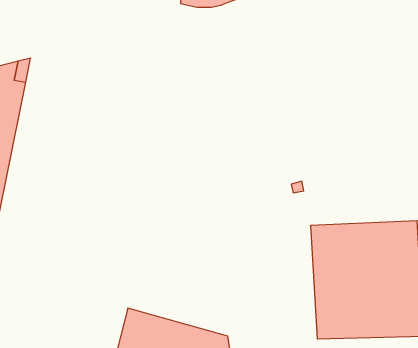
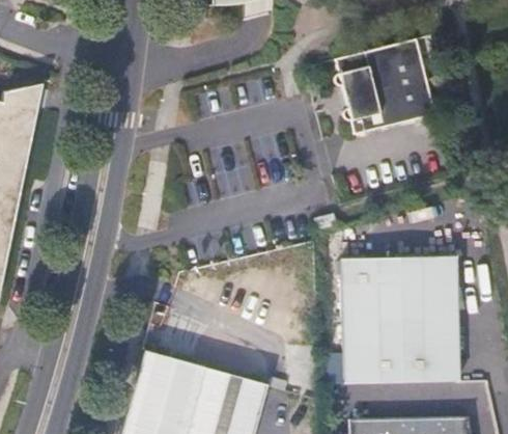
building: none -> [333,35,440,134]

